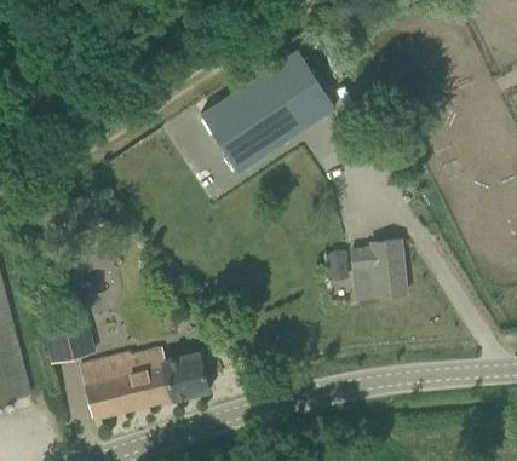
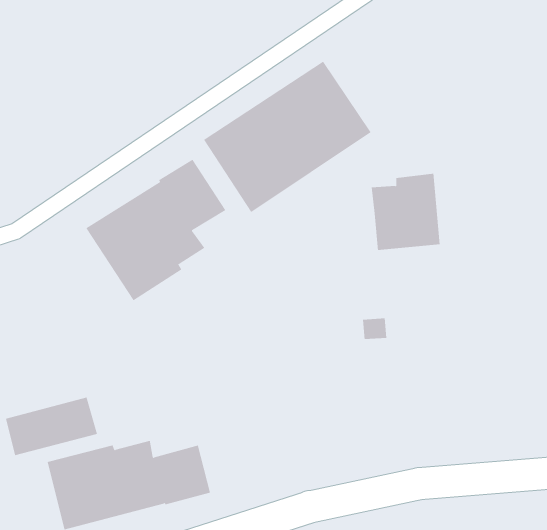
building: none -> [86,159,226,301]
building: [351,240,406,300] -> [371,173,440,251]

